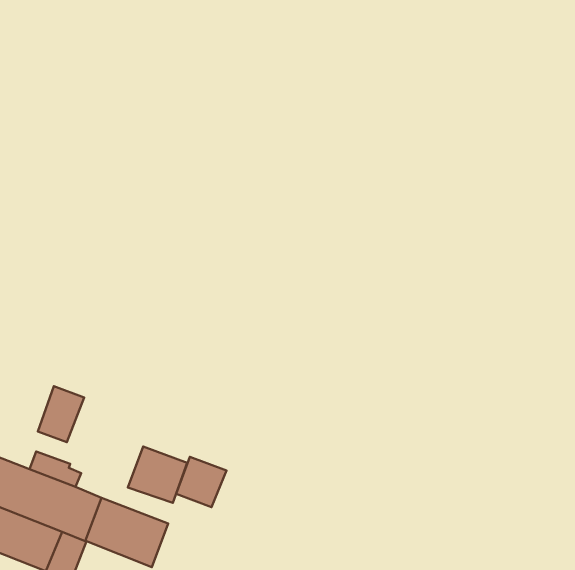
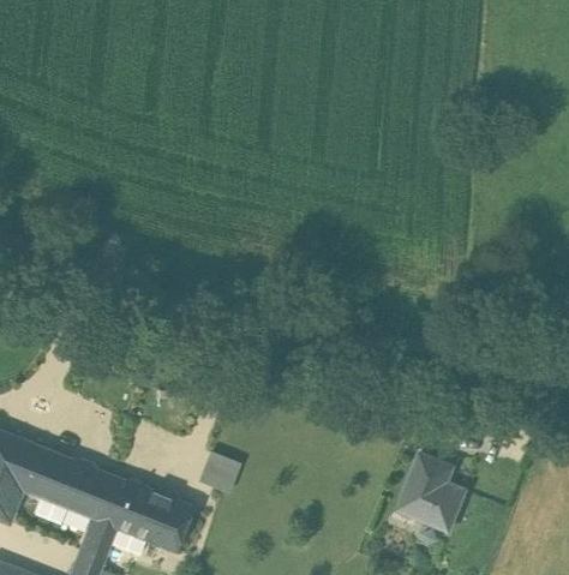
building: [38,386,84,442] -> none
building: [128,447,187,503] -> none
building: none -> [399,453,463,528]

